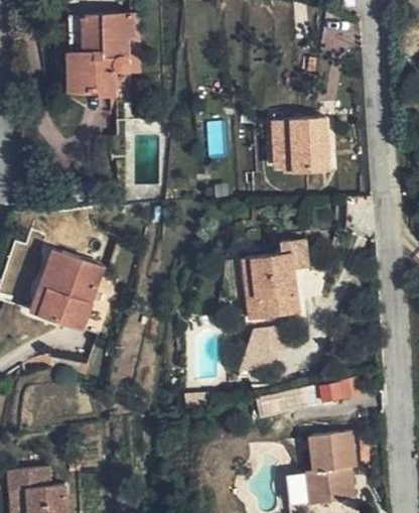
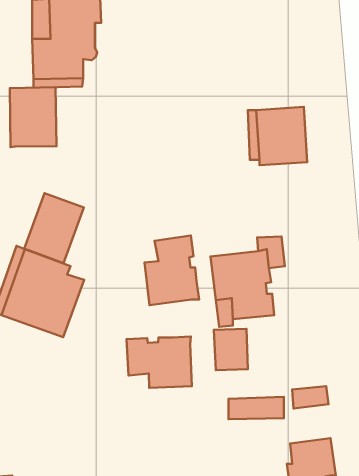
building: none -> [10,87,56,147]
building: none -> [24,193,84,263]
building: none -> [144,236,199,305]
building: none -> [126,337,192,388]

